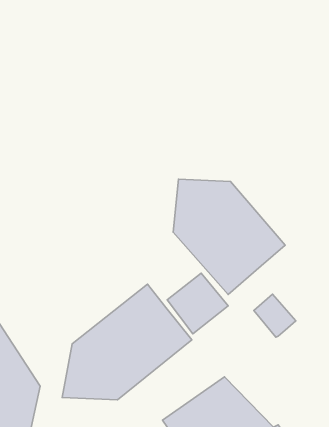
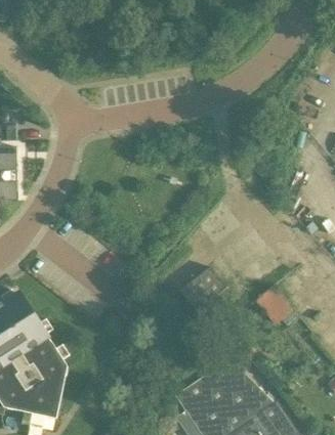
building: [173,179,285,295] -> none
building: [62,284,192,400] -> none

